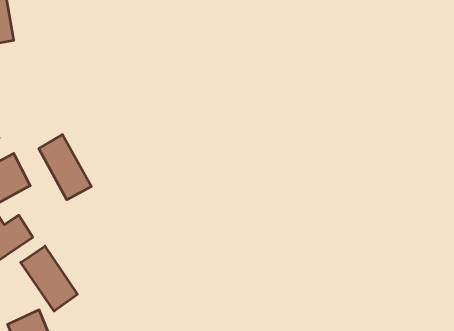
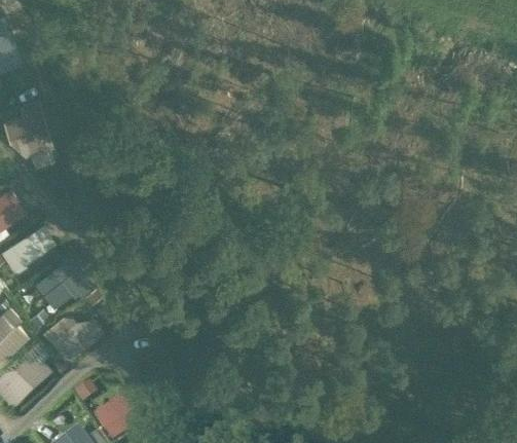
building: [39,135,91,200] -> none
building: [21,246,77,311] -> none

